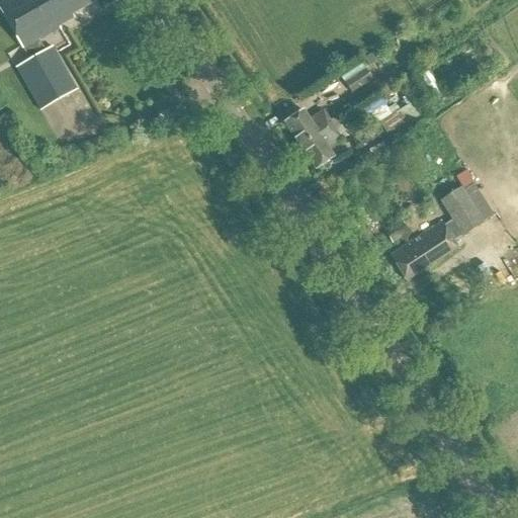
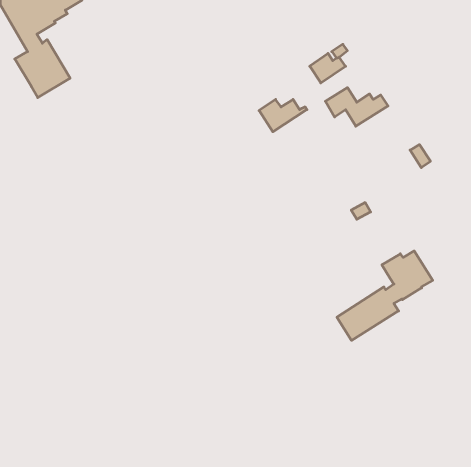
building: [299,120,342,168] -> none
building: [390,182,495,280] -> [337,251,433,340]

